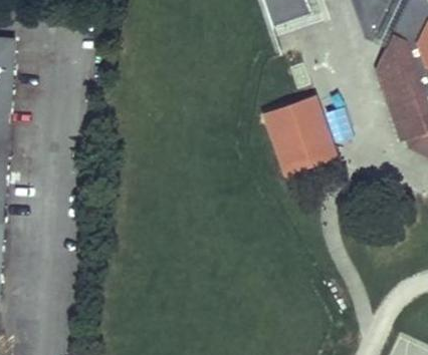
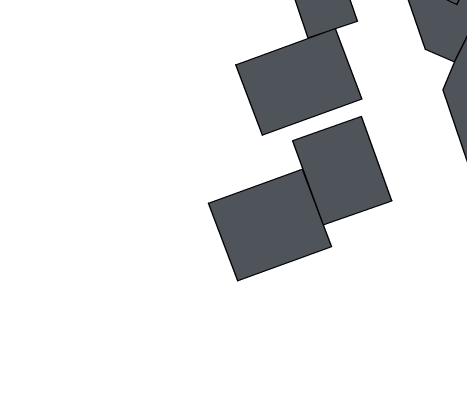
building: none -> [236,29,362,135]
building: none -> [209,169,331,281]

